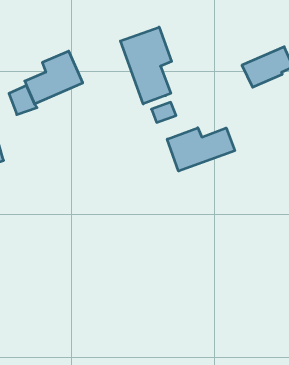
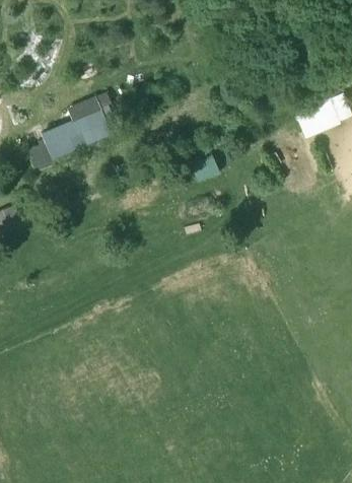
building: [120,27,172,104] -> none
building: [167,128,235,171] -> none

